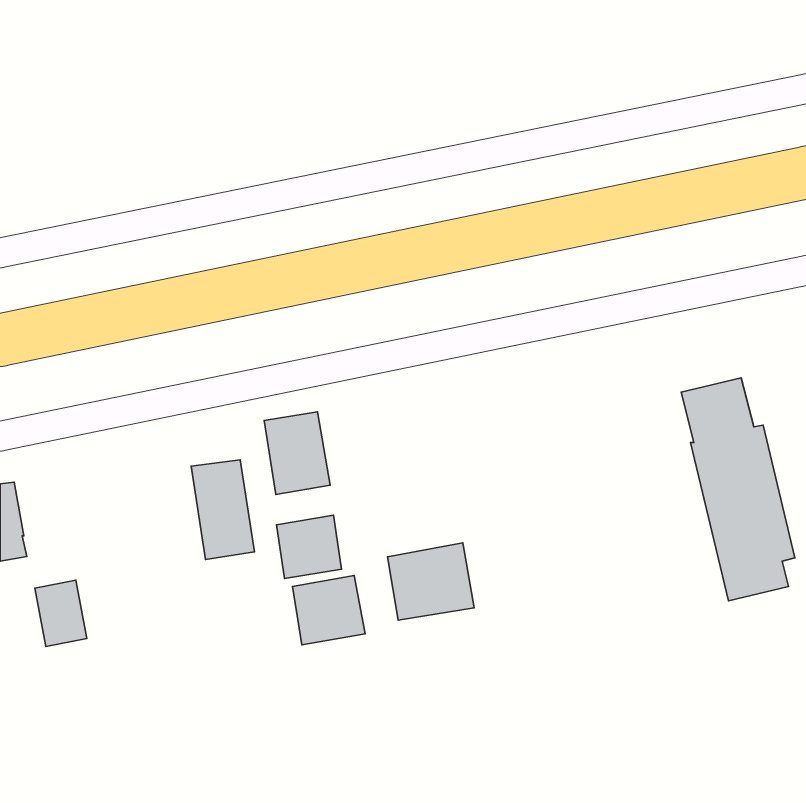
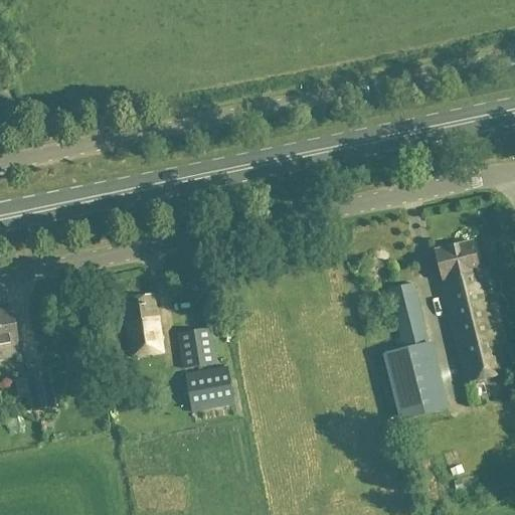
building: [264,412,330,494] -> none
building: none -> [385,282,446,418]
building: [387,543,474,620] -> none

